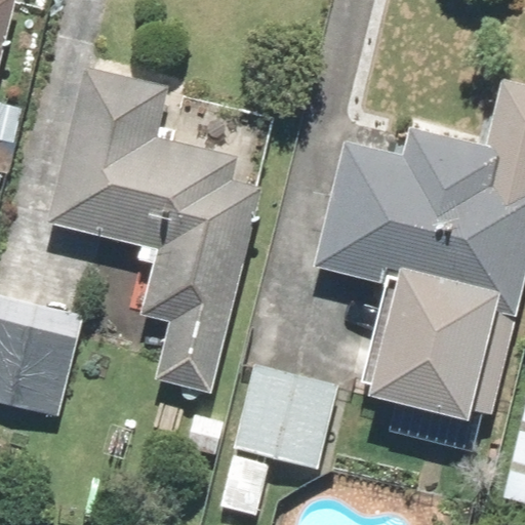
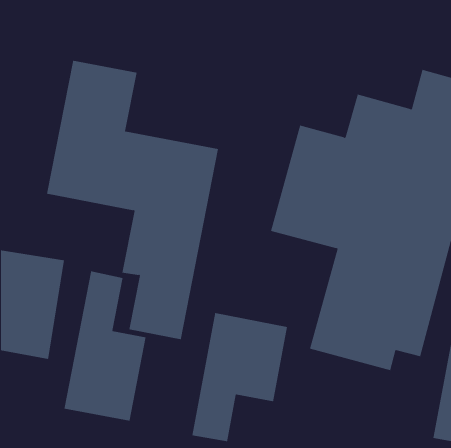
building: none -> [64,271,146,422]

